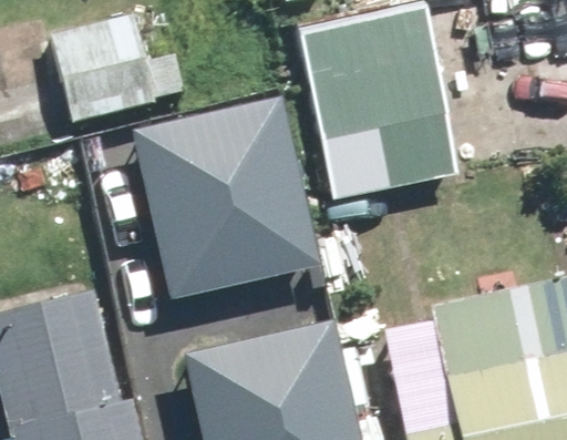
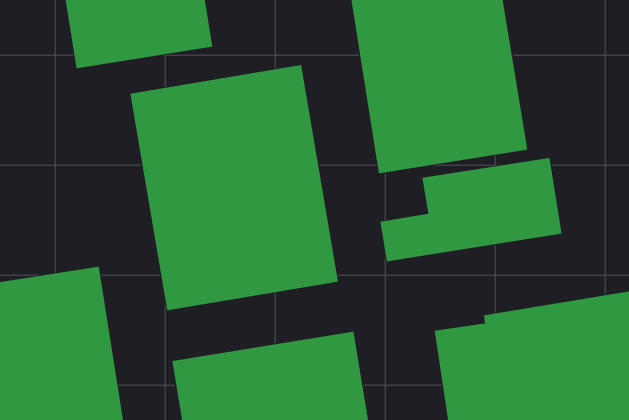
building: none -> [380,157,562,262]

